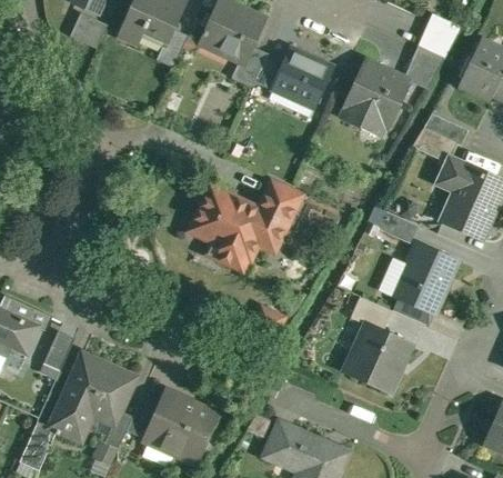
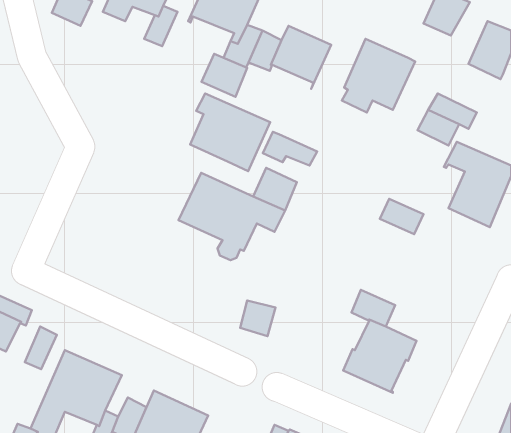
building: [403,47,443,89] -> none
building: none -> [201,54,247,97]
building: none -> [190,93,270,171]
building: none -> [263,132,317,166]
building: [392,243,455,315] -> none

